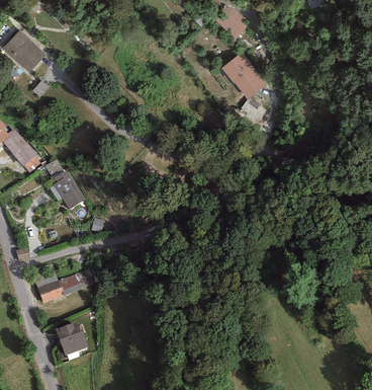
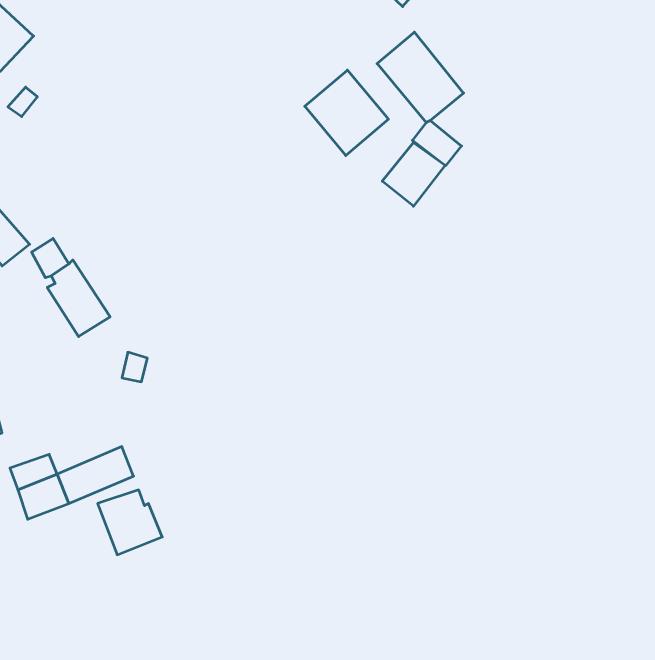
building: none -> [305,70,388,156]
building: none -> [382,142,445,206]
building: [55,321,88,355] -> [98,490,162,555]

